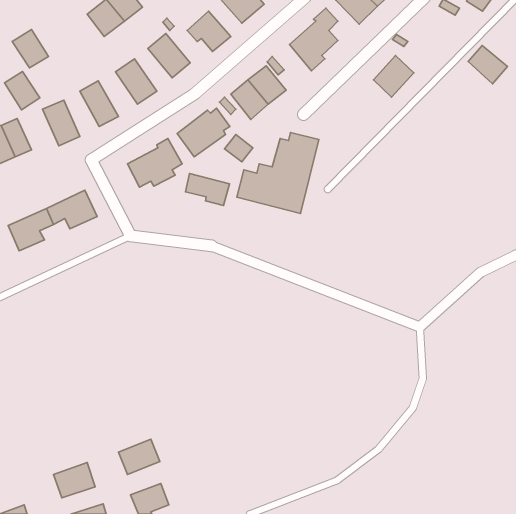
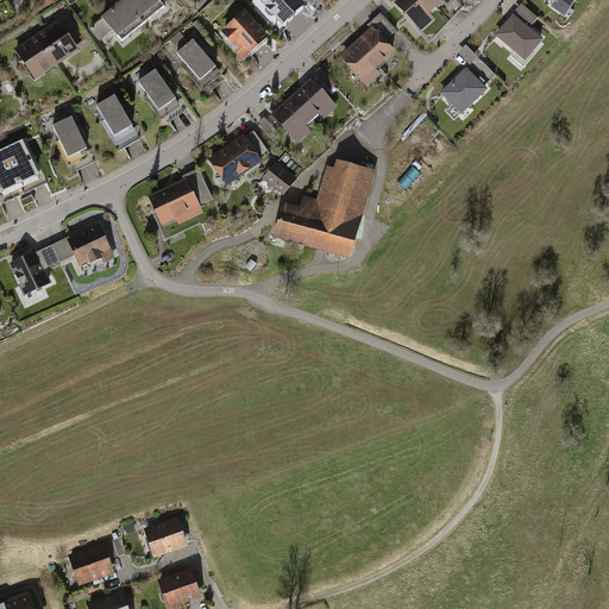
building: [468,45,508,84] -> [492,12,539,57]
building: [4,72,40,110] -> [37,21,79,67]
building: [186,174,230,206] -> none

